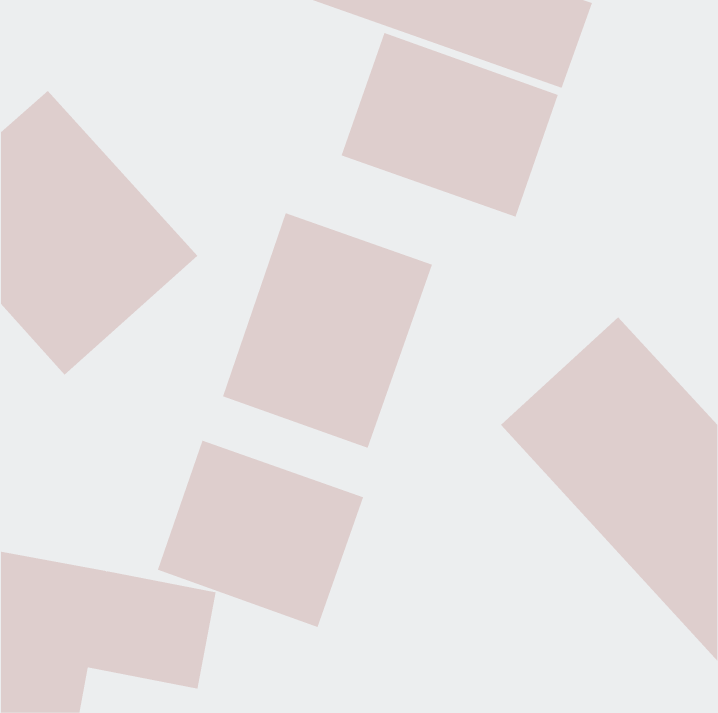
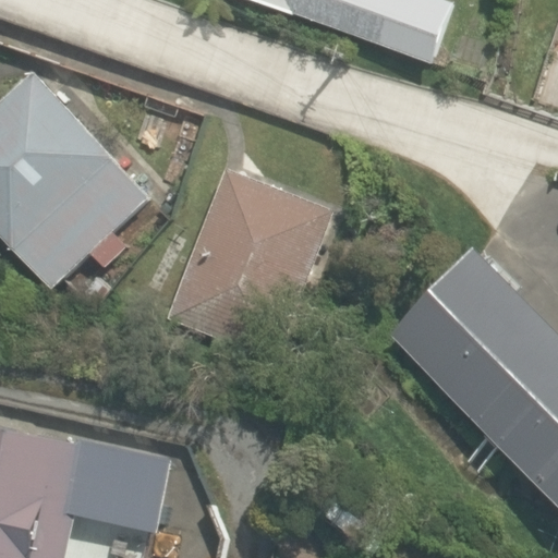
building: [341,32,558,218] -> none
building: [157,440,364,628] -> none

